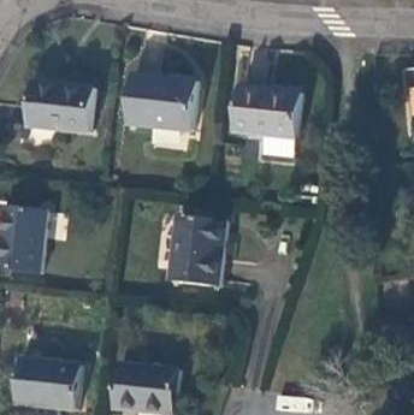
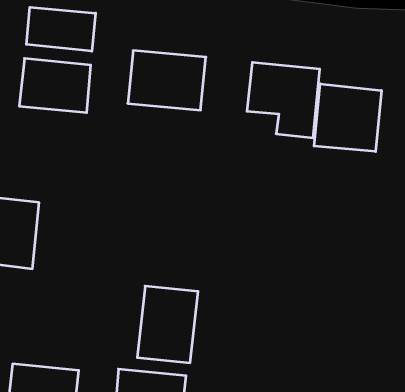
building: none -> [26,7,96,51]
building: none -> [314,84,381,152]
building: [168,215,224,285] -> [137,286,198,363]

